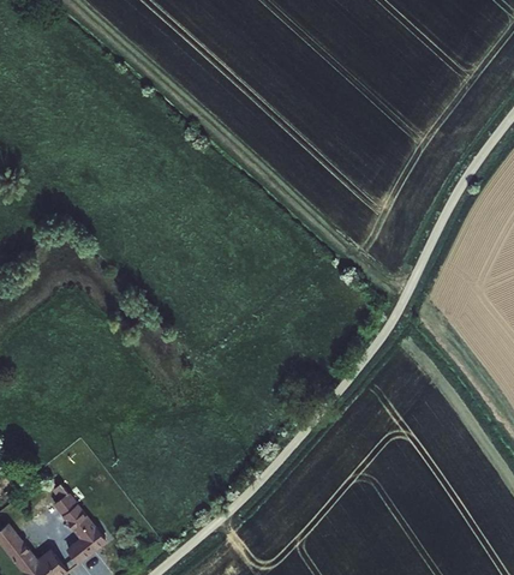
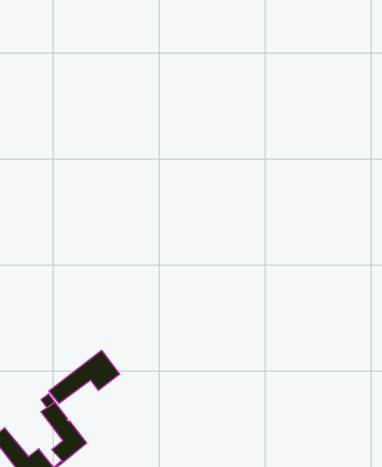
building: none -> [49,350,120,403]

